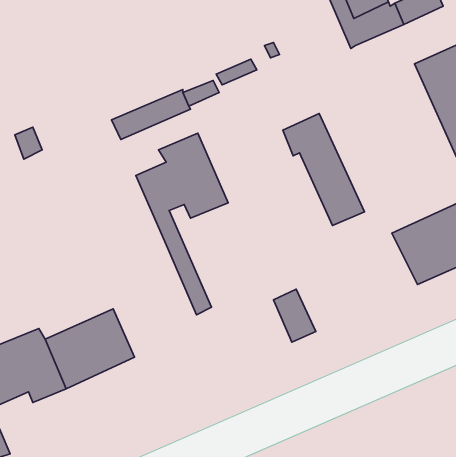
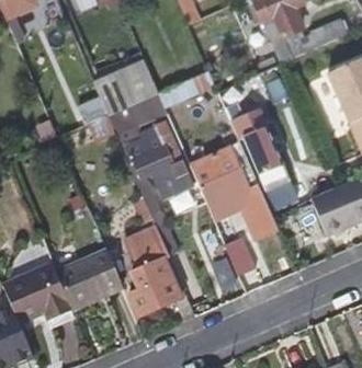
building: none -> [93,60,158,114]
building: none -> [189,143,276,237]
building: none -> [127,202,194,321]

